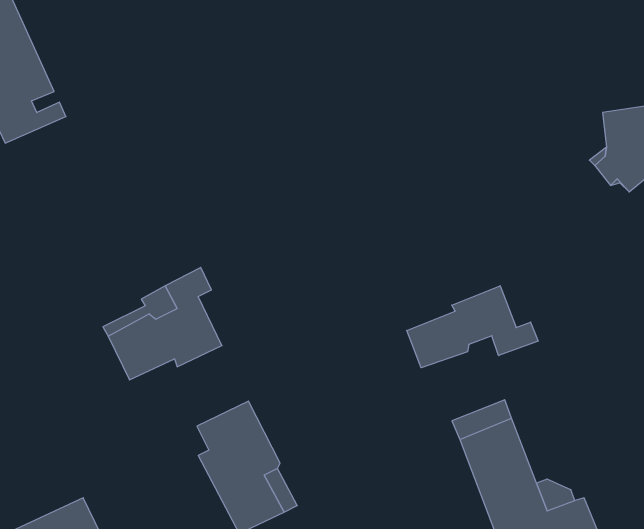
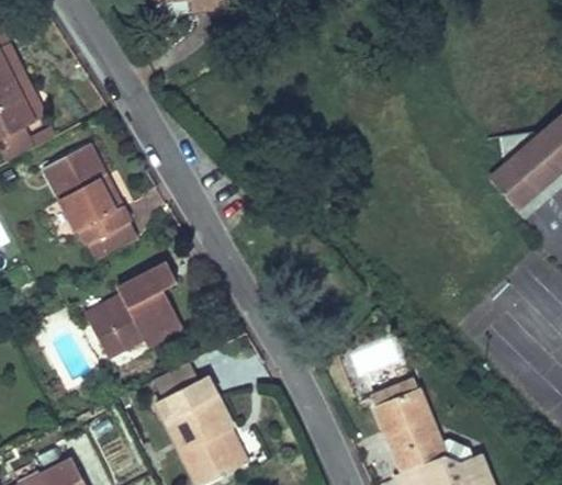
building: none -> [45,151,128,241]
building: [407,286,538,368] -> none

